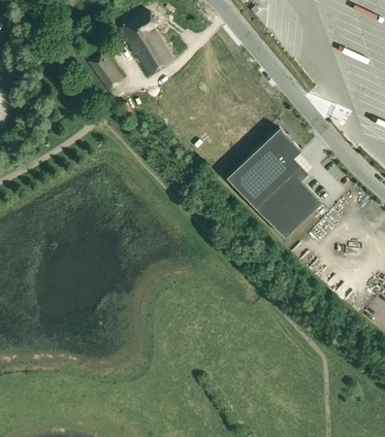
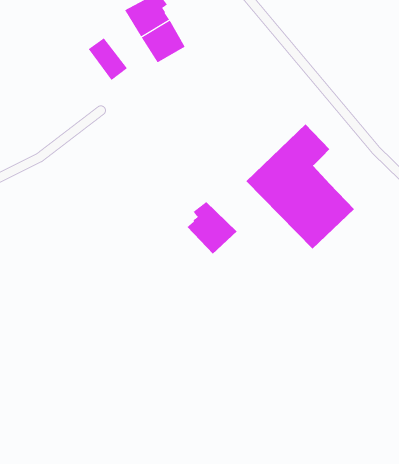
building: none -> [186,201,237,255]

